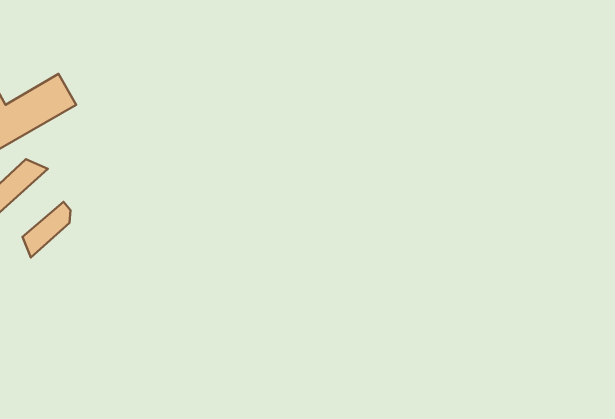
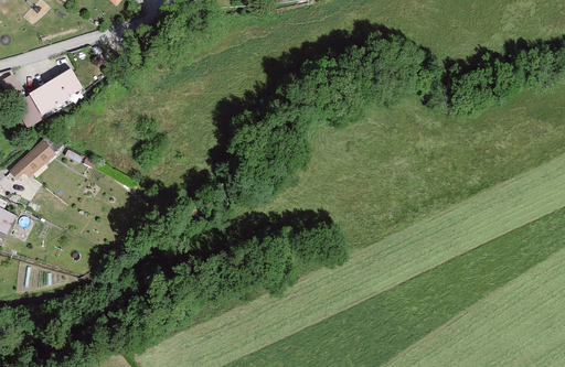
building: [22,202,71,257] -> none

